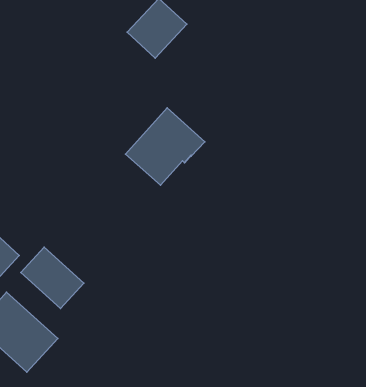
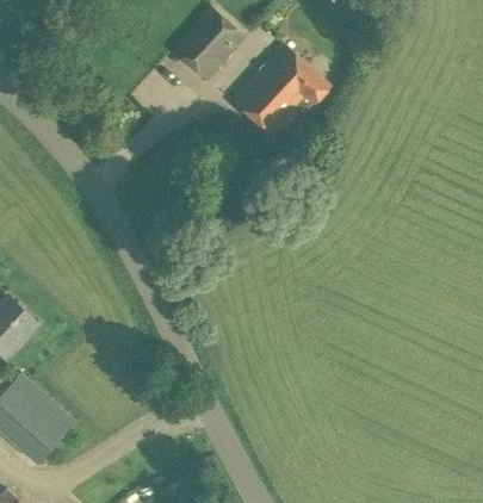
building: [126,108,205,185] -> [230,44,328,139]
building: [21,247,84,308] -> none

